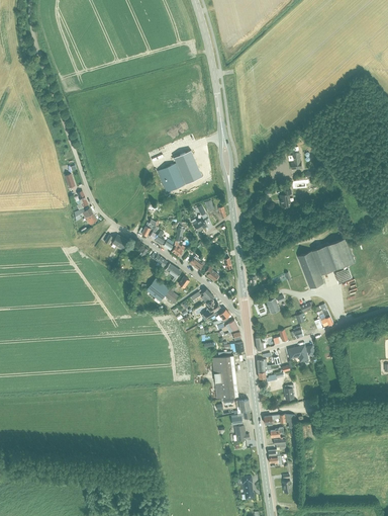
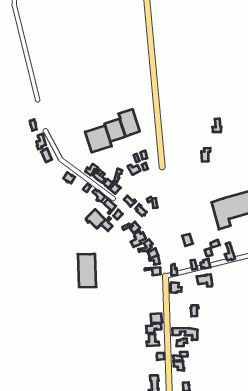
building: none -> [85,126,112,152]
building: [211,355,237,398] -> [78,254,96,287]

